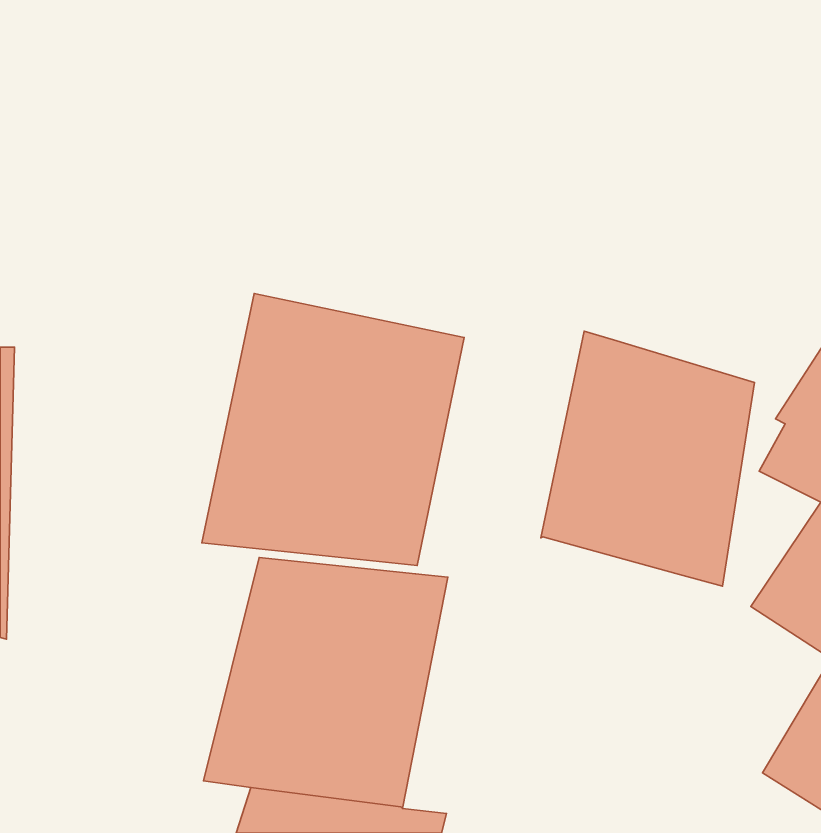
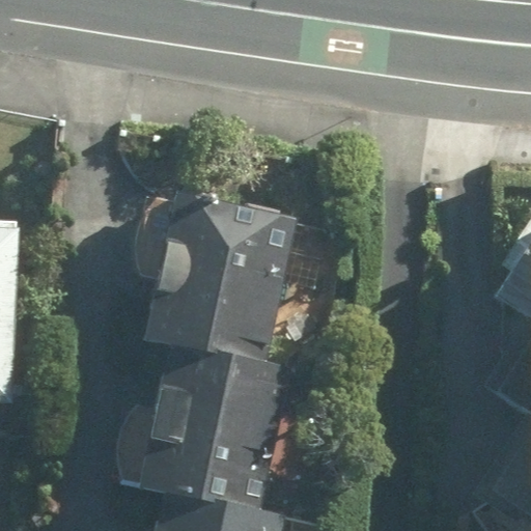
building: [541,331,754,586] -> none

